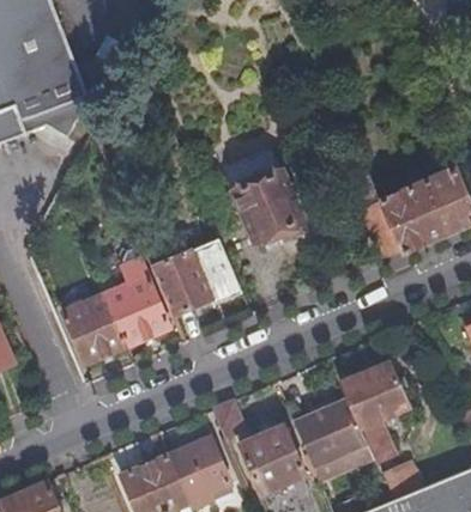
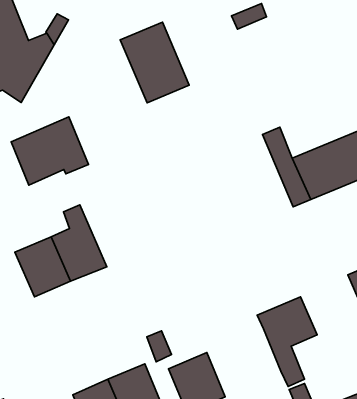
building: [225,146,306,239] -> [120,22,189,103]
building: [150,237,240,316] -> [11,117,88,185]
building: [294,398,369,471] -> none

